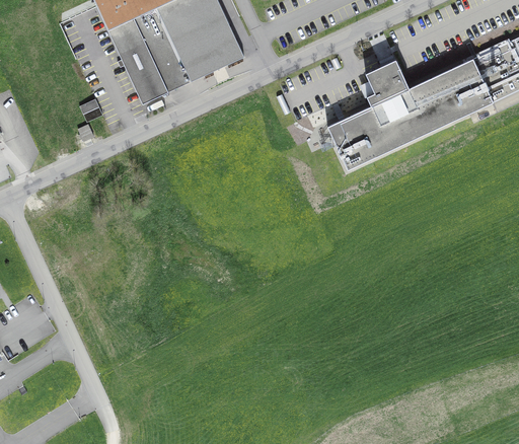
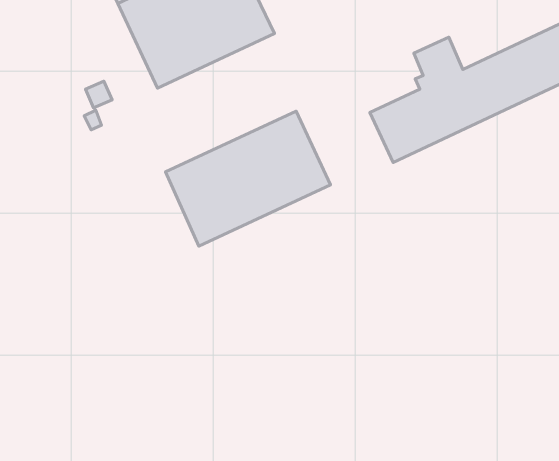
building: none -> [165,111,331,246]

